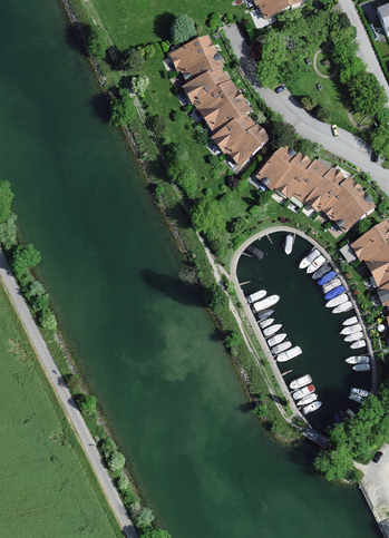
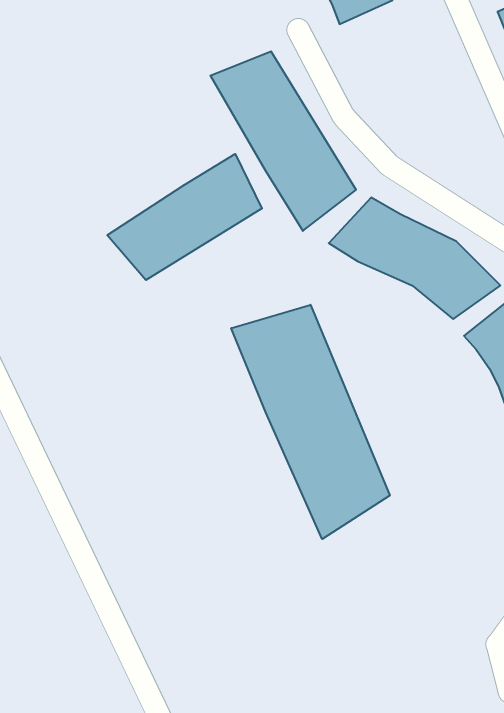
building: none -> [107,154,262,280]
building: none -> [231,305,390,539]

